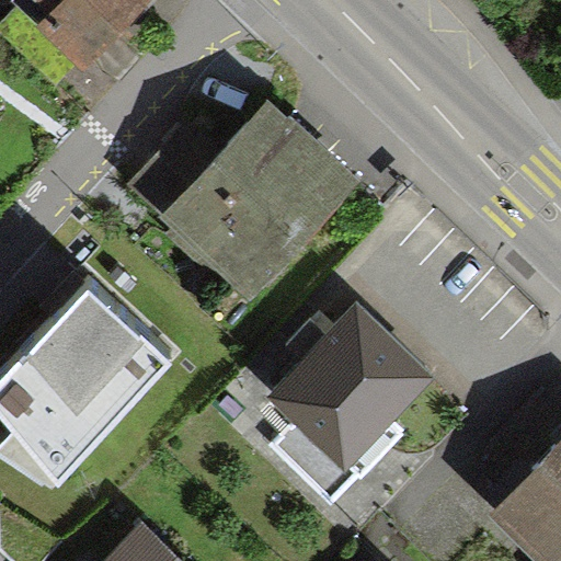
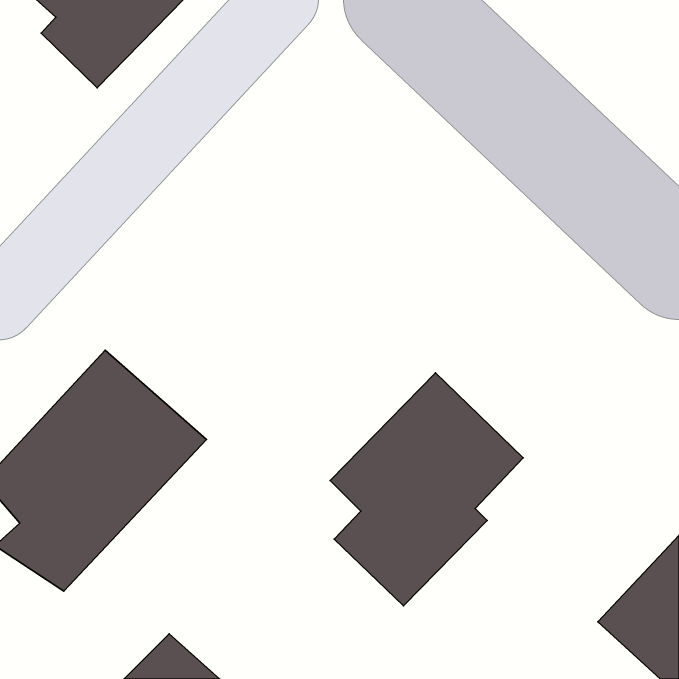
building: [128,98,362,305] -> none

